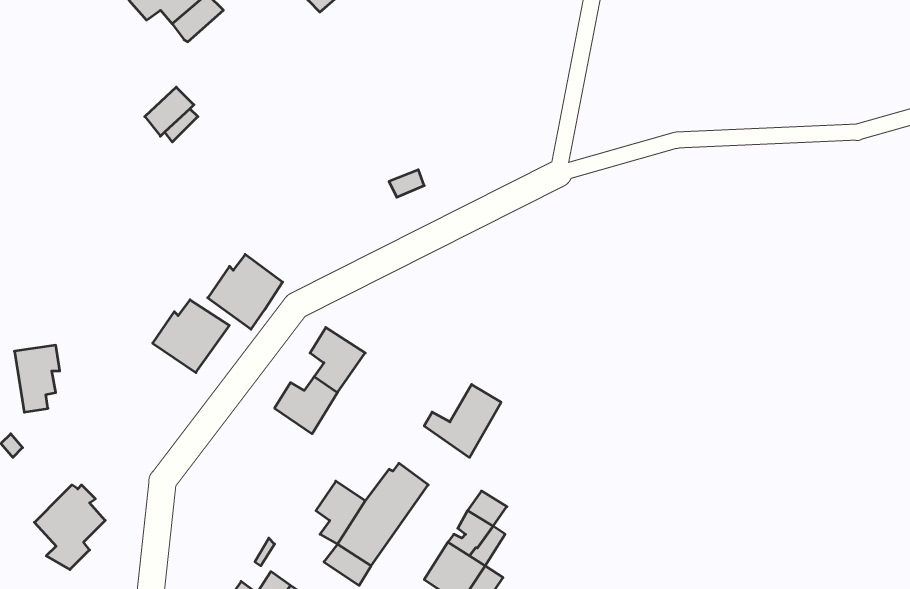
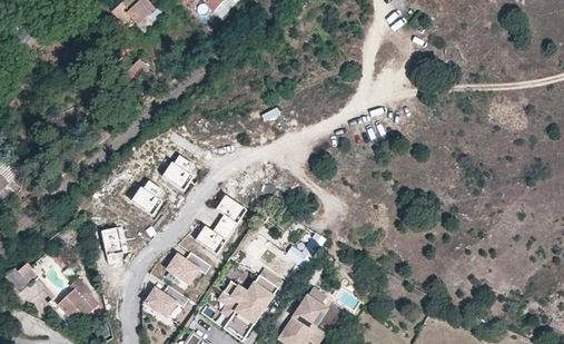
building: [14,345,60,412] -> [101,227,127,265]
building: none -> [166,250,209,283]
building: none -> [145,286,188,317]

